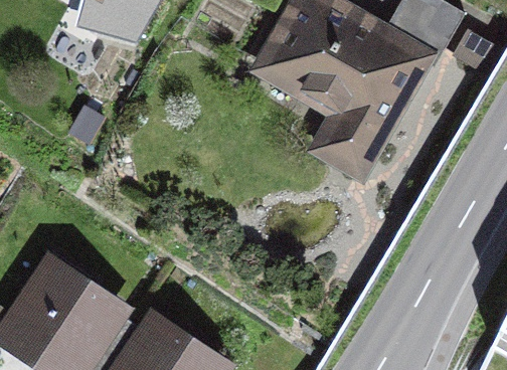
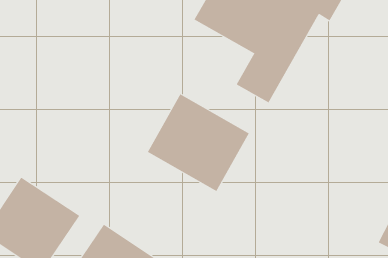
building: none -> [147,93,249,192]

